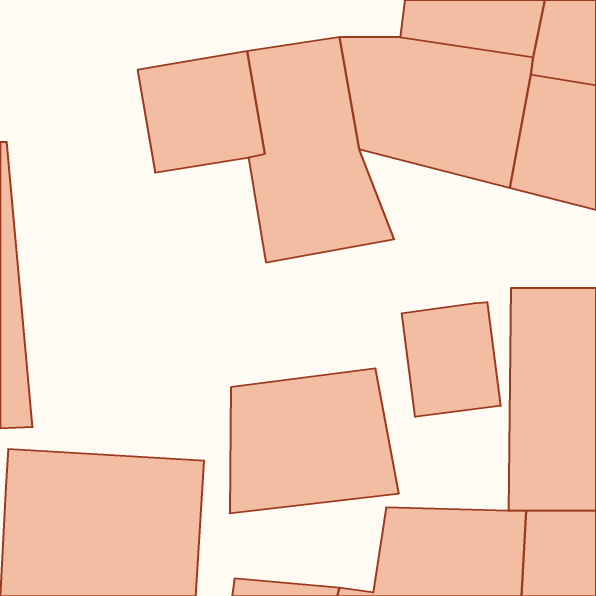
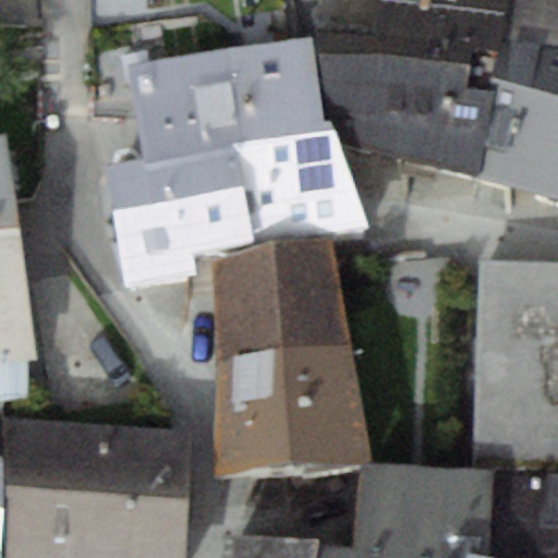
building: none -> [108,147,248,286]
building: none -> [215,240,351,362]
building: [402,302,501,417] -> none

